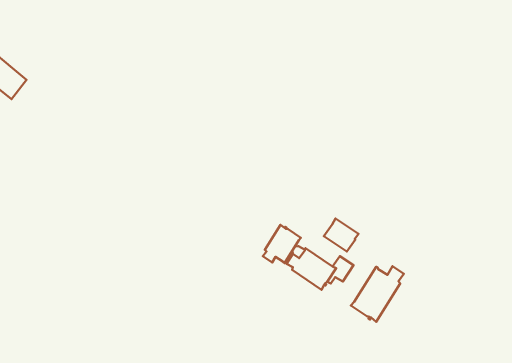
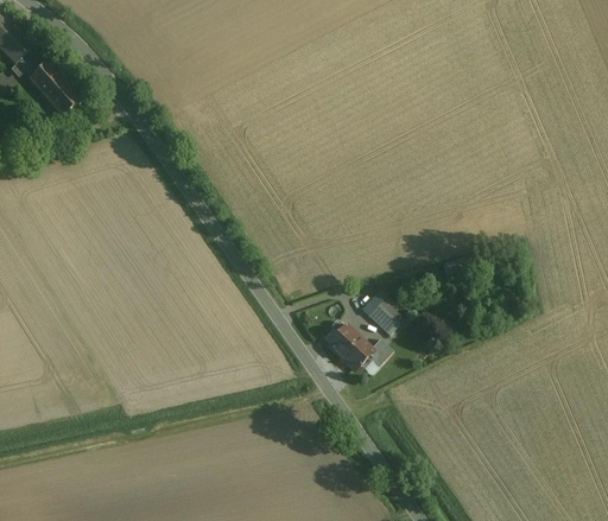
building: [263,225,301,263] -> none
building: [351,266,404,322] -> none

